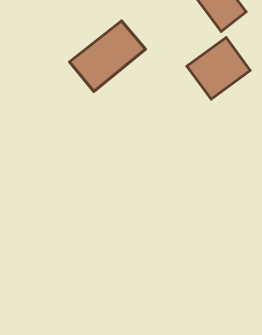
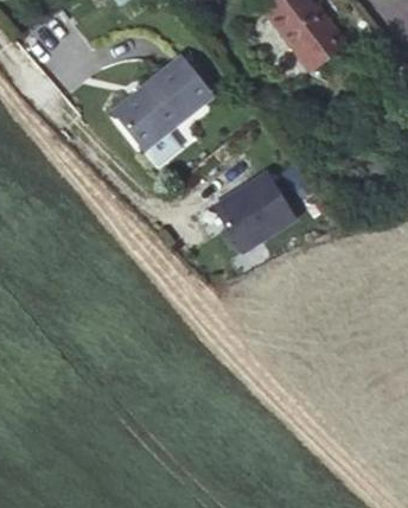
building: [187,38,250,99] -> [210,170,294,252]

